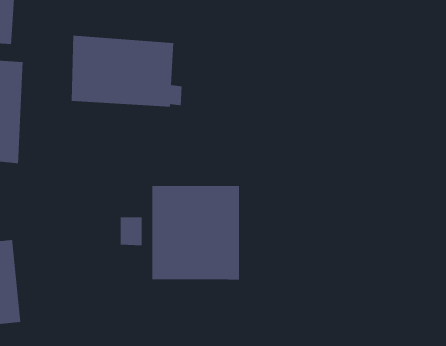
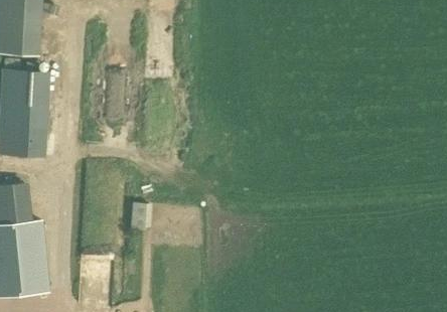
building: [71,35,183,108] -> none
building: [152,185,240,280] -> none

